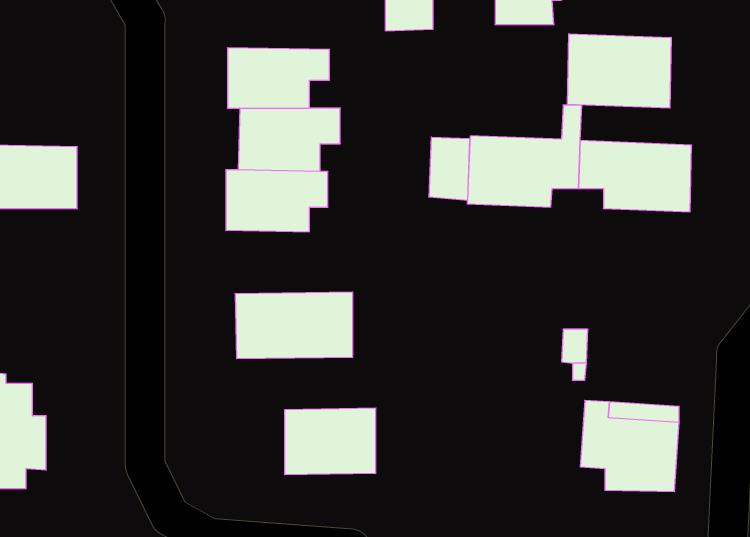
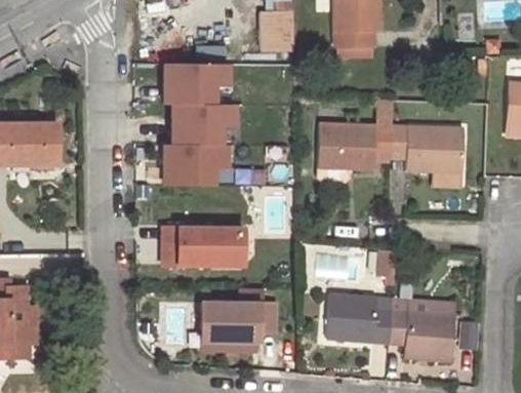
building: [568,34,671,108] -> none
building: [429,137,470,200] -> none
building: none -> [330,293,396,341]

